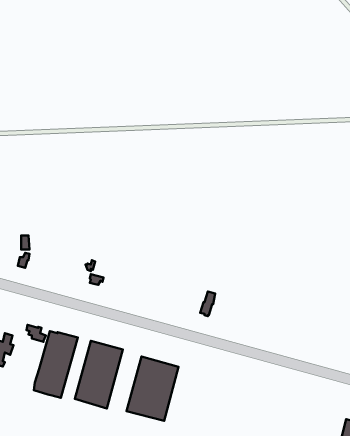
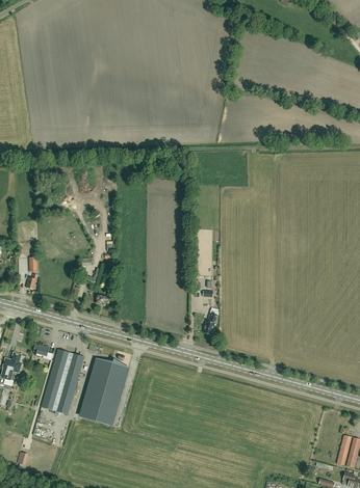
building: [127,357,178,421] -> none

